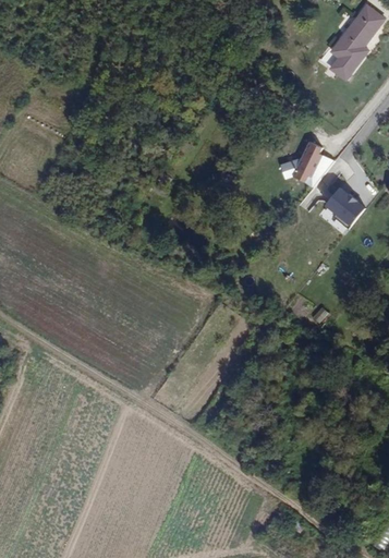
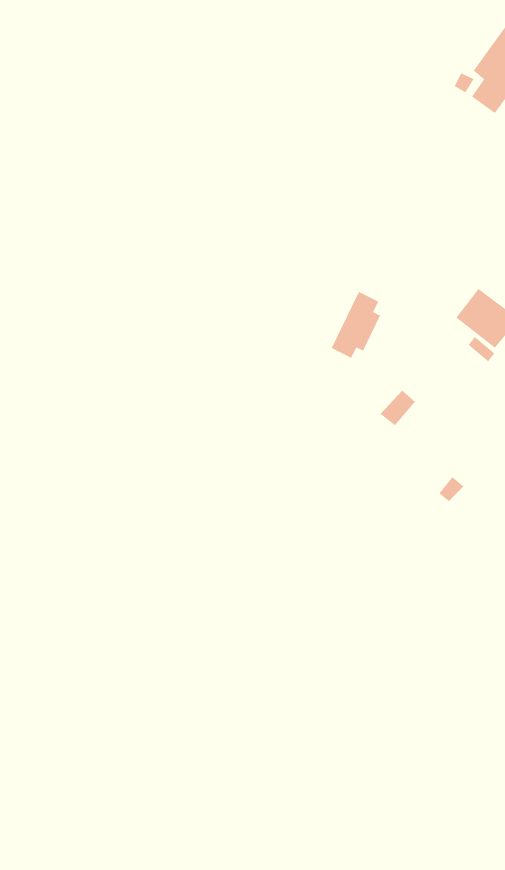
building: [291,140,323,182] -> [331,291,381,359]

